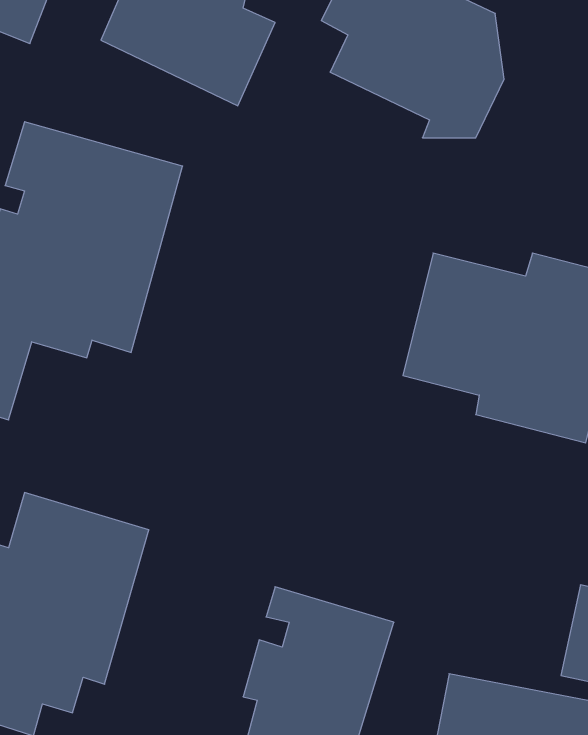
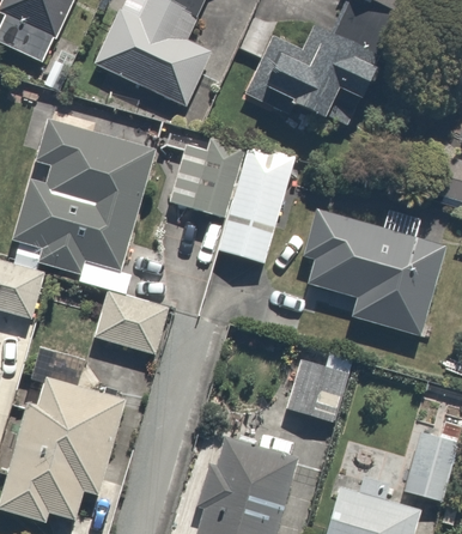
building: none -> [164,138,303,266]
building: none -> [98,287,172,354]
building: none -> [288,359,355,427]

